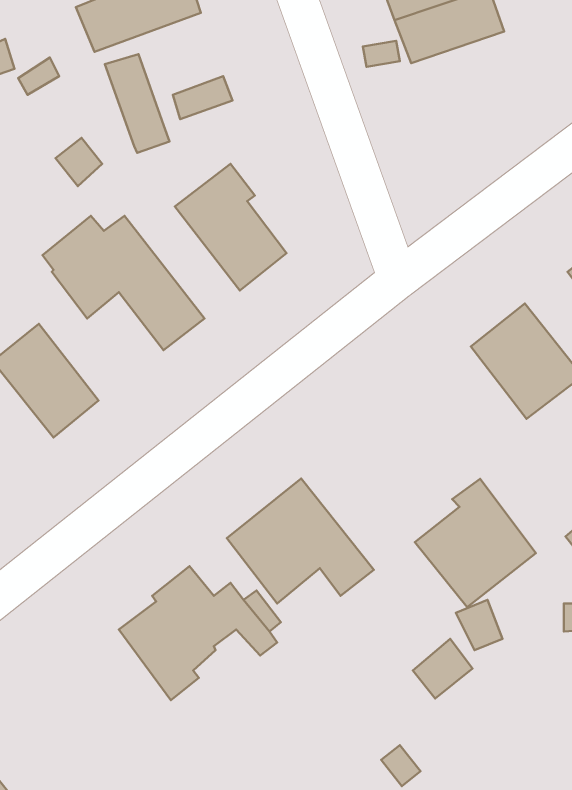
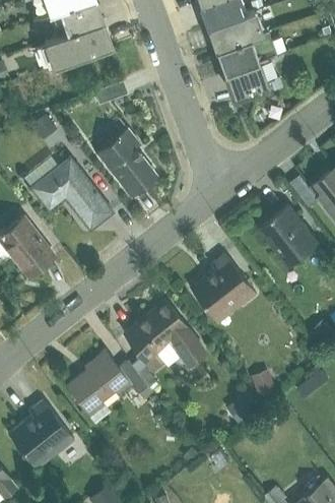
building: none -> [225,61,274,100]
building: [105,54,170,153] -> none
building: [415,479,536,607] -> [190,255,256,325]
building: none -> [8,398,74,467]

